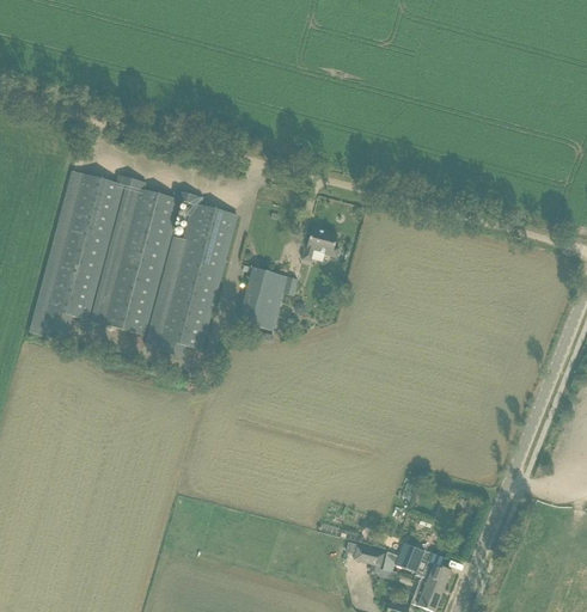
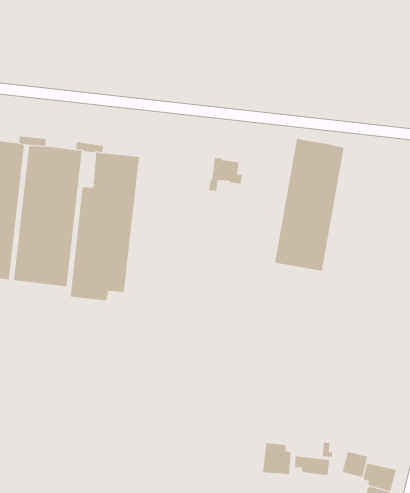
building: none -> [275,138,344,271]
building: [239,267,288,330] -> none
building: none -> [263,442,292,475]

